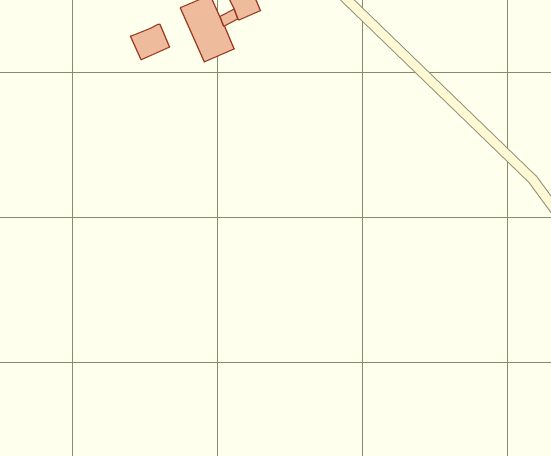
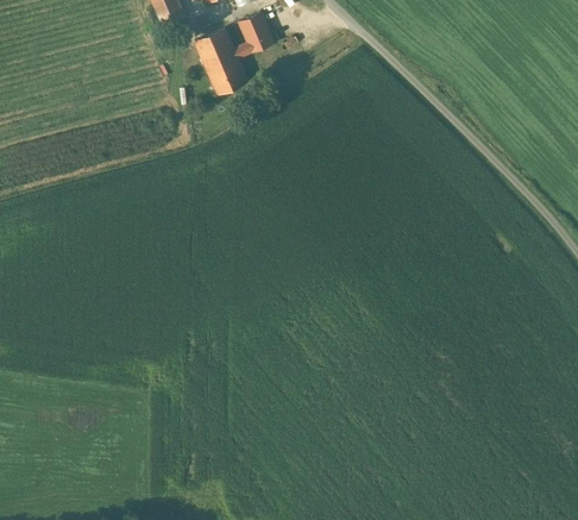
building: [131,24,170,60] -> none

